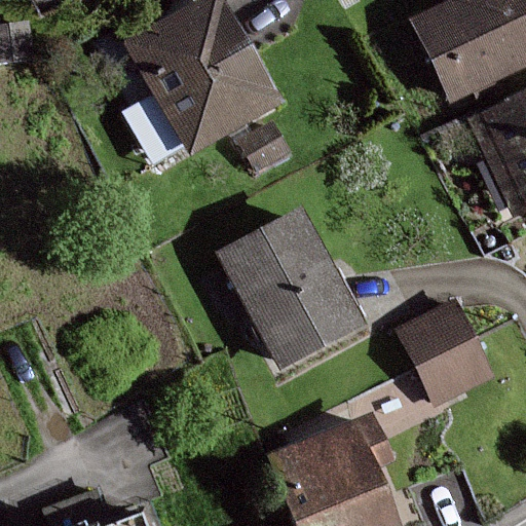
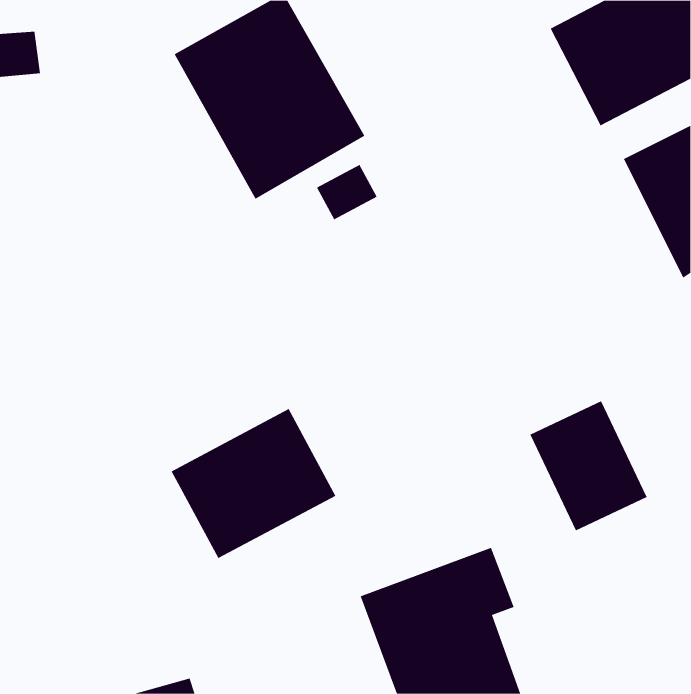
building: [224,214,359,364] -> none
building: none -> [171,408,336,559]

